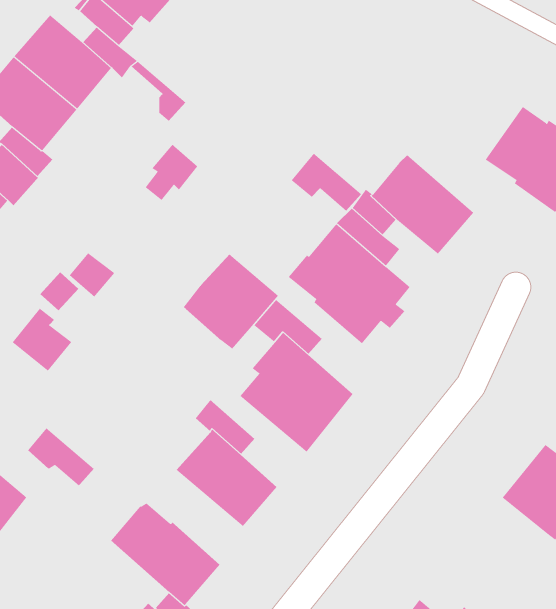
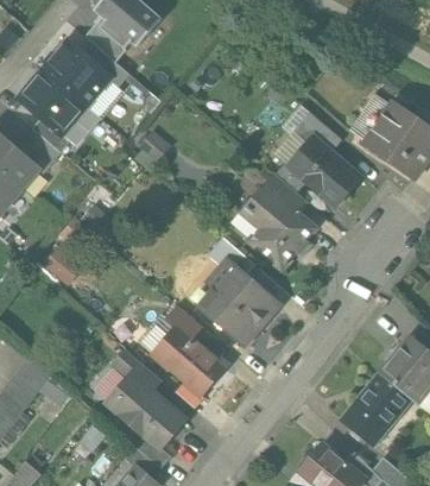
building: [291,153,362,211] -> [292,113,341,153]
building: [183,253,279,350] -> none
building: [27,428,94,486] -> [114,352,160,392]
building: none -> [341,374,409,444]

